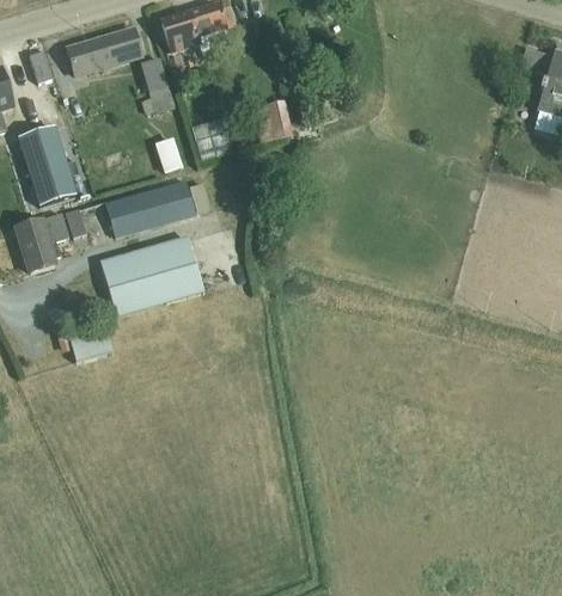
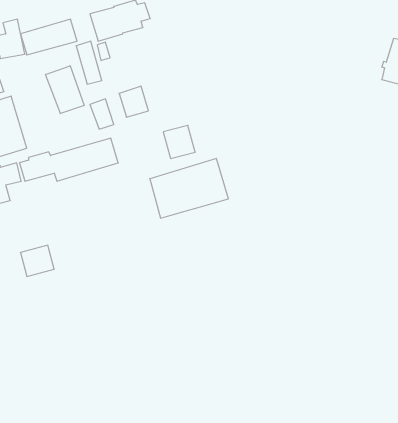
building: none -> [46,66,84,114]
building: [251,99,293,142] -> [163,125,195,158]
building: [100,238,203,315] -> [150,159,228,218]

